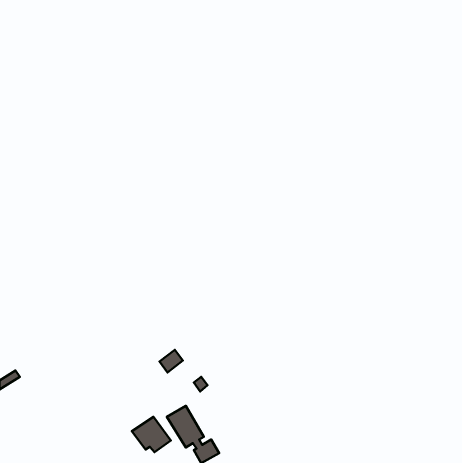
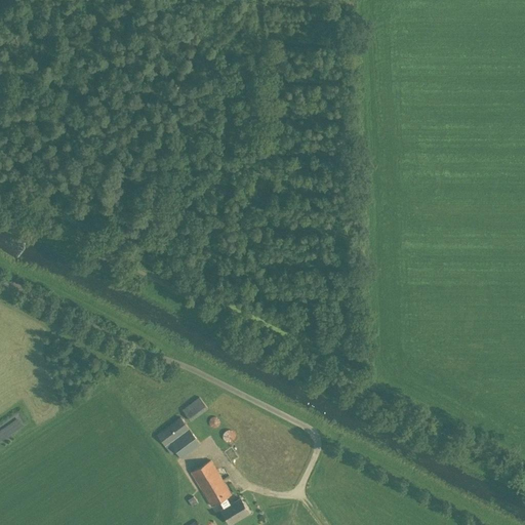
building: [132,417,171,452] -> [155,417,199,457]

